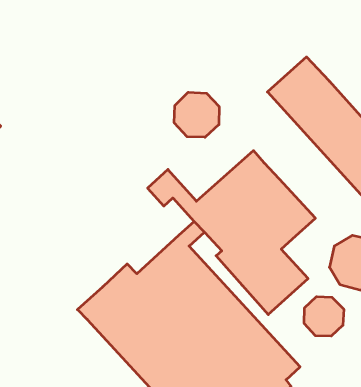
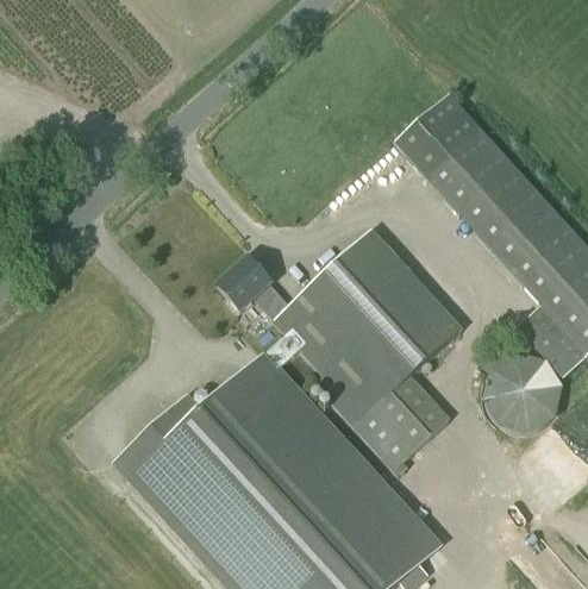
building: [174,92,219,137] -> none
building: [304,297,344,336] -> none

